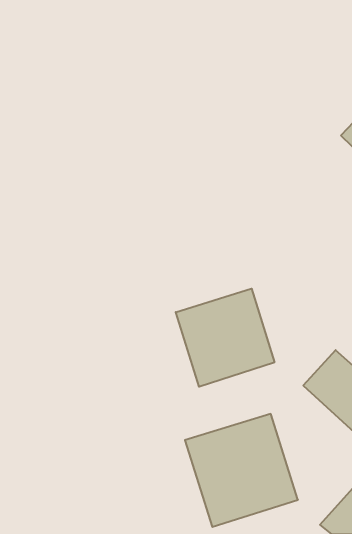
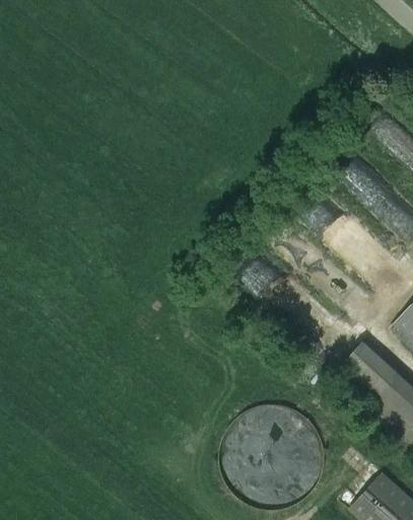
building: [176,289,274,387] -> none

